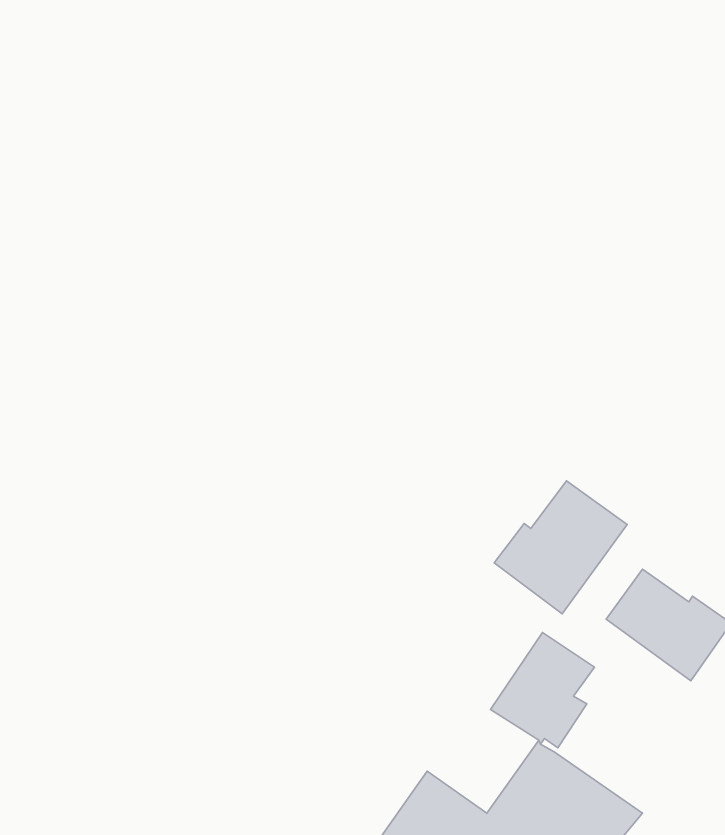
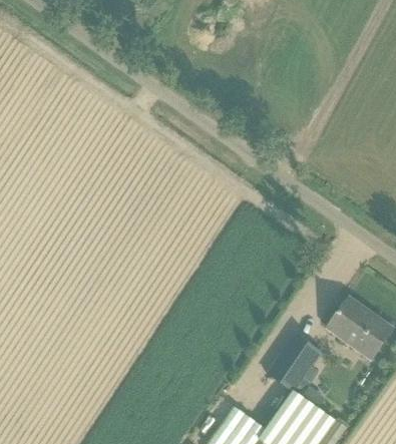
building: [494,481,627,614] -> none

